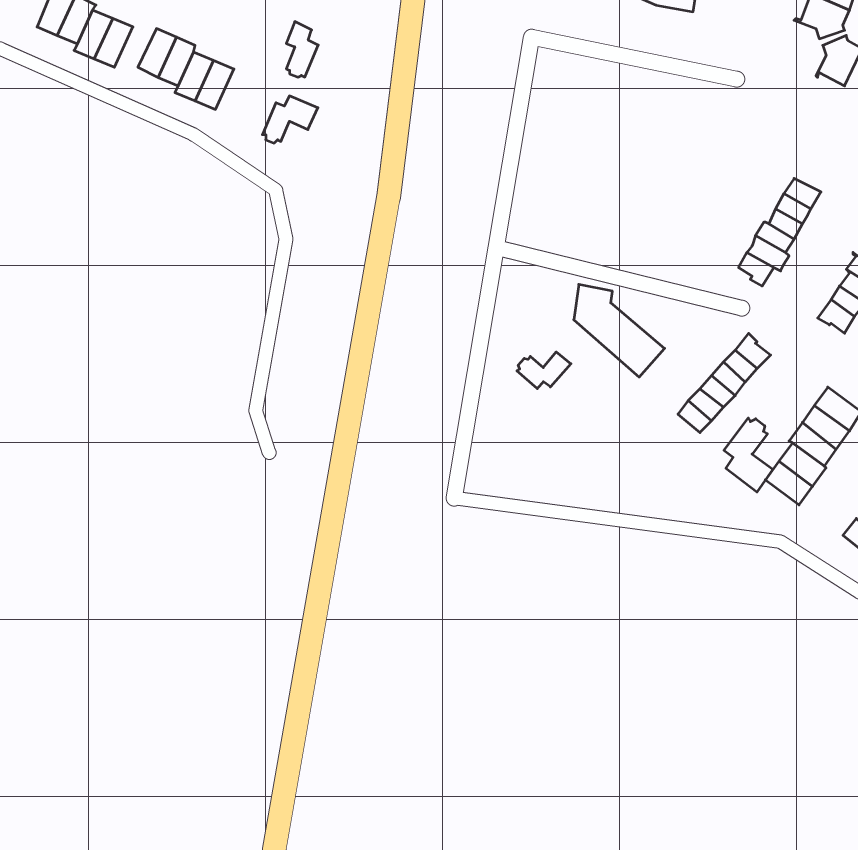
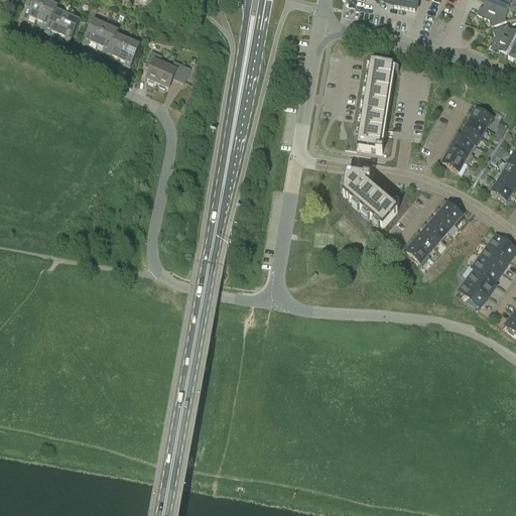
building: [286,22,318,77] -> [147,47,166,81]
building: none -> [358,58,394,152]
building: [517,352,571,389] -> none
building: [724,418,773,492] -> none

